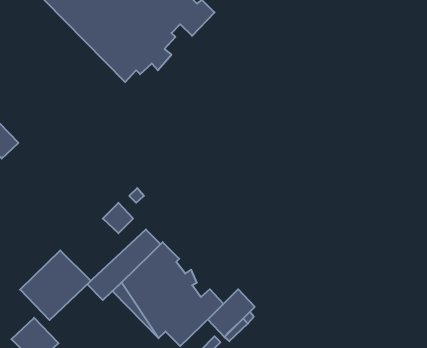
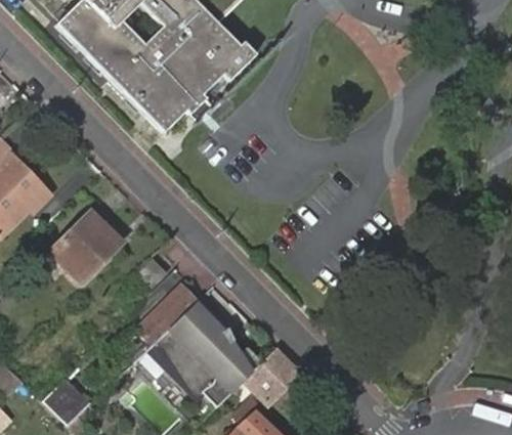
building: [20,250,91,320] -> [48,207,122,279]

